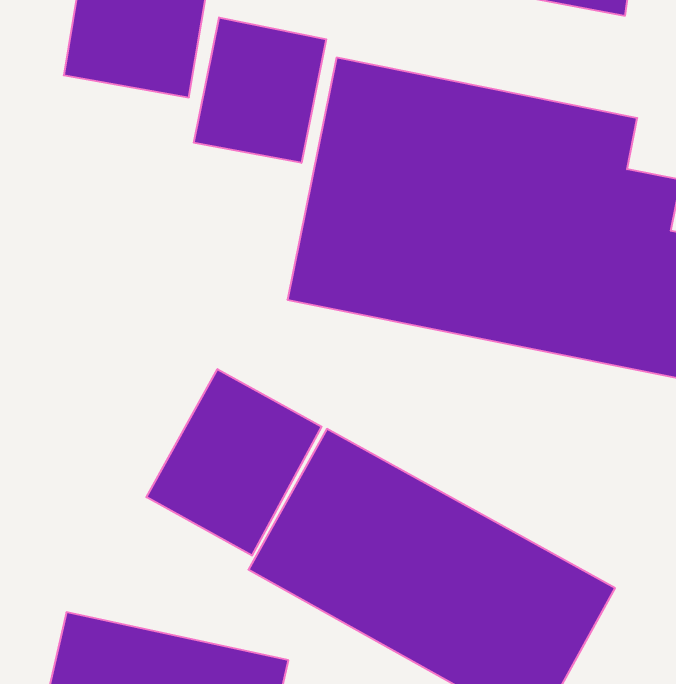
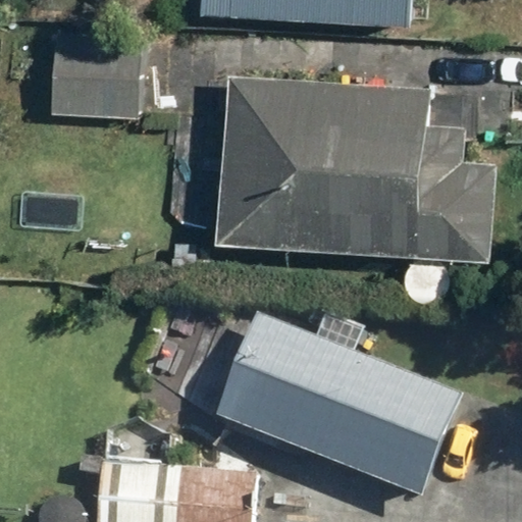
building: [194,17,326,163] -> none
building: [146,369,322,556] -> none

